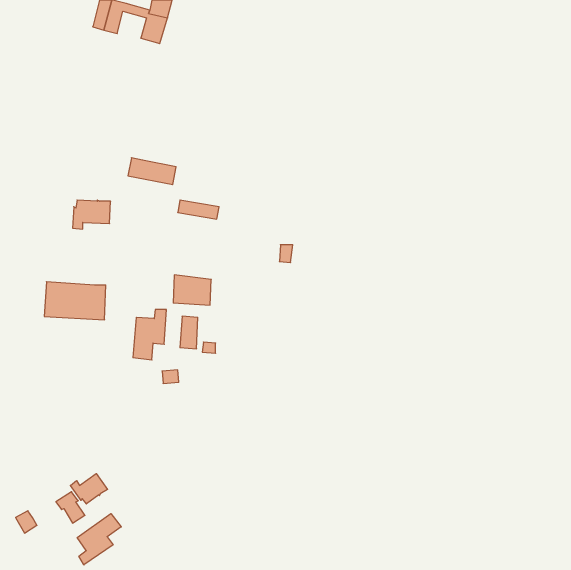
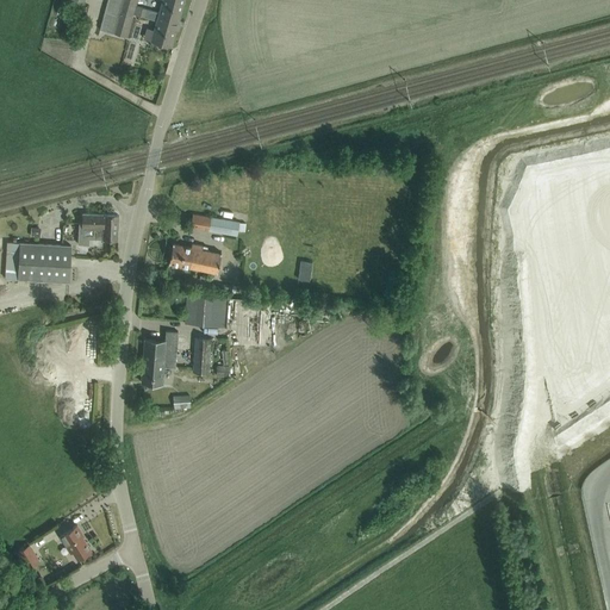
building: [128,158,176,185] -> [169,244,220,273]
building: [44,282,106,320] -> [5,242,70,282]
building: [70,474,108,504] -> none
building: [77,514,121,565] -> none

